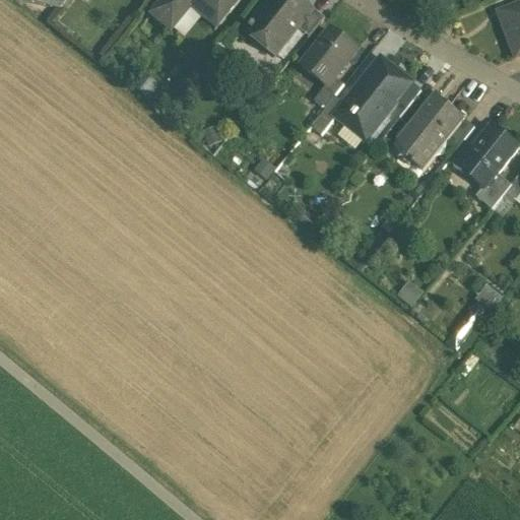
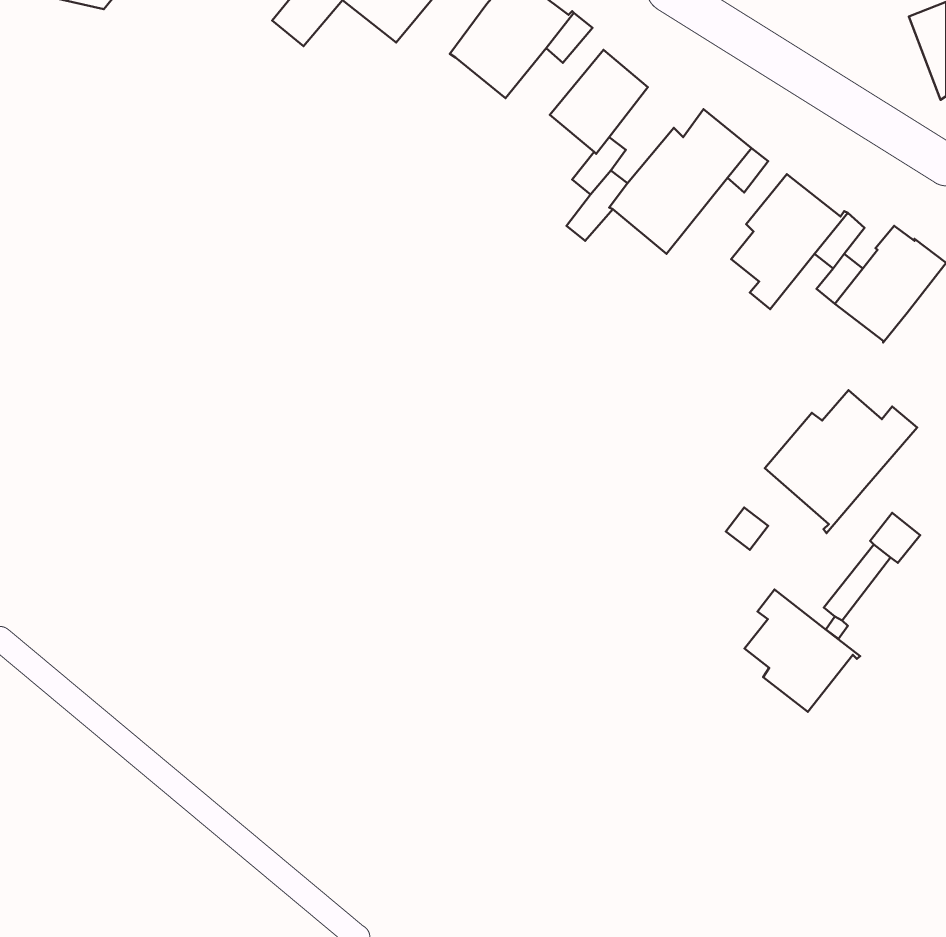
building: [477,172,511,207] -> none
building: none -> [765,390,917,533]
building: none -> [745,589,860,712]

